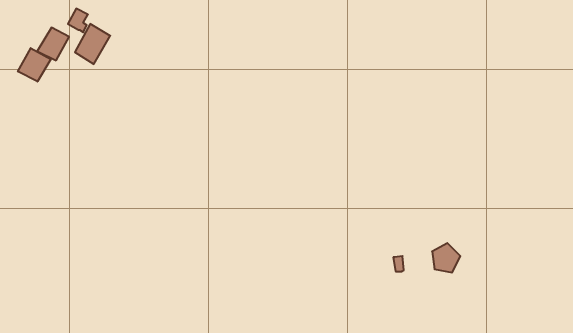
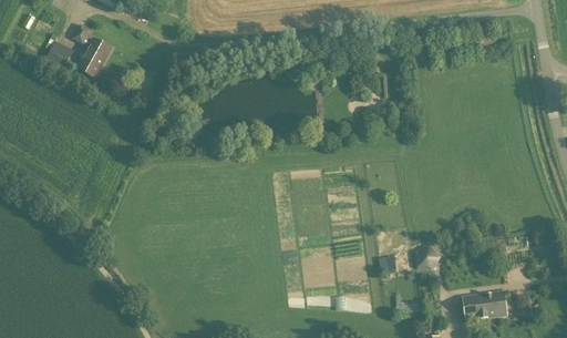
building: [18,48,51,82] -> none
building: none -> [463,291,507,320]

